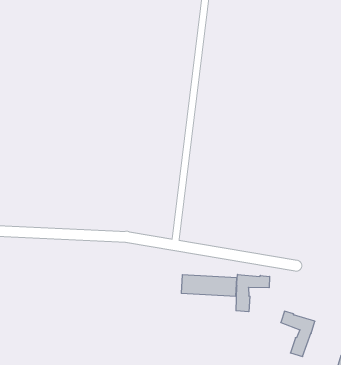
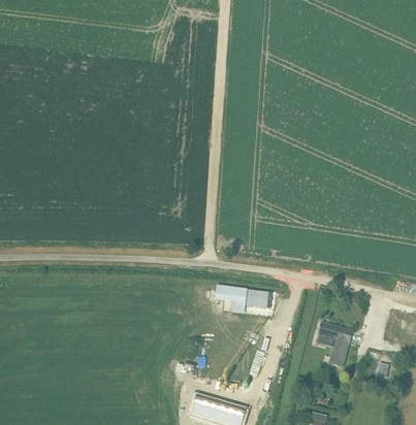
building: [236,274,270,312] -> none

